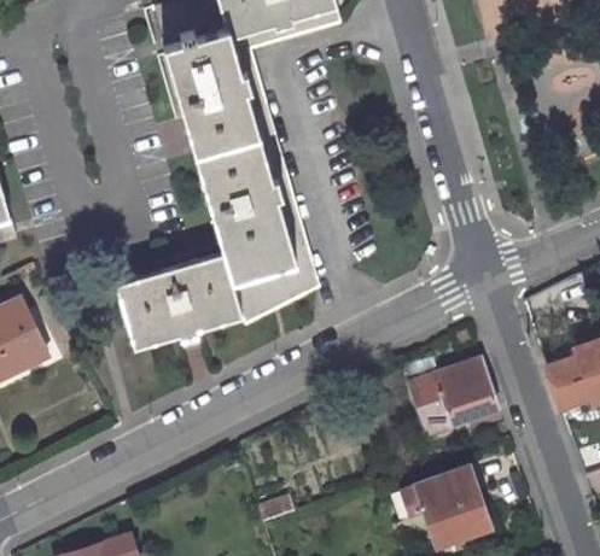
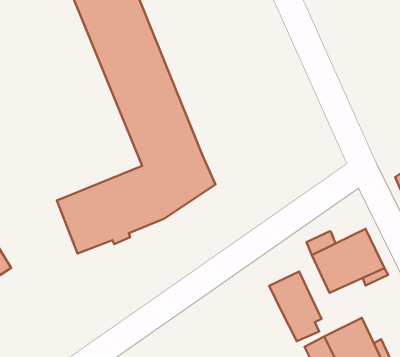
building: none -> [269,272,322,341]

